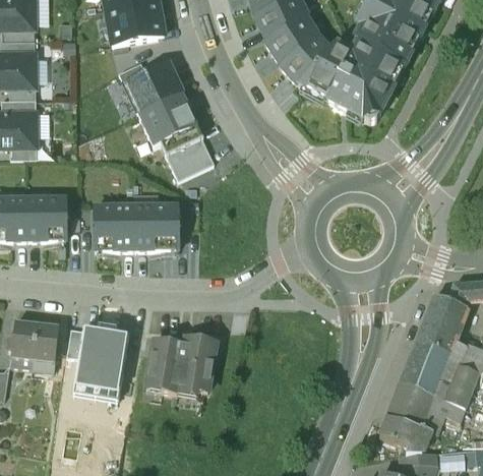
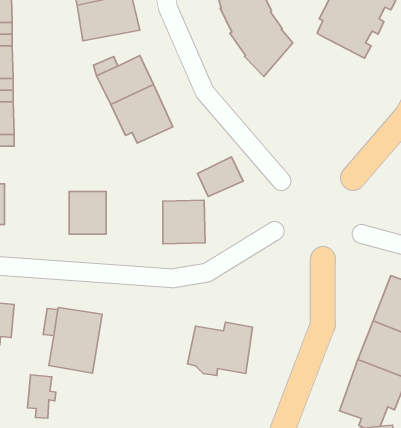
building: [299,40,405,120] -> none
building: [167,136,215,178] -> [198,157,243,197]
building: [26,196,66,239] -> none
building: [133,203,178,249] -> [163,200,205,244]
building: [34,323,63,369] -> [28,375,56,418]
building: [147,337,216,393] -> [188,322,253,375]

